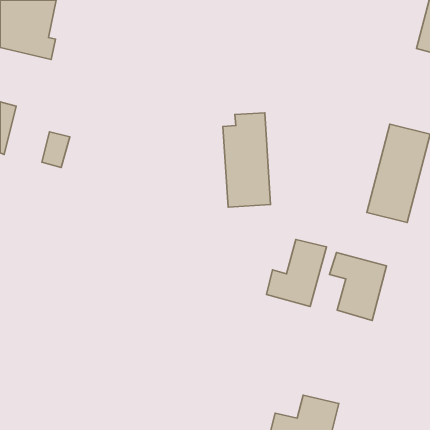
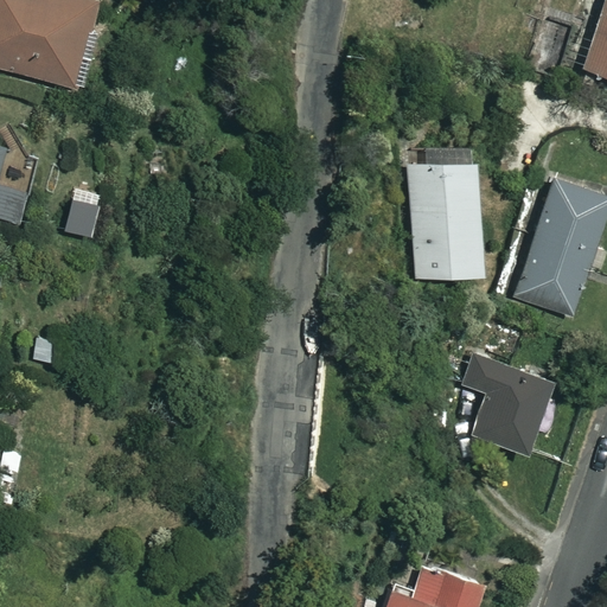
building: [223,113,271,207] -> [409,147,475,279]
building: [267,239,327,306] -> none

